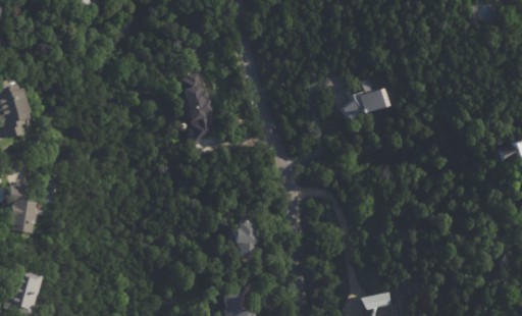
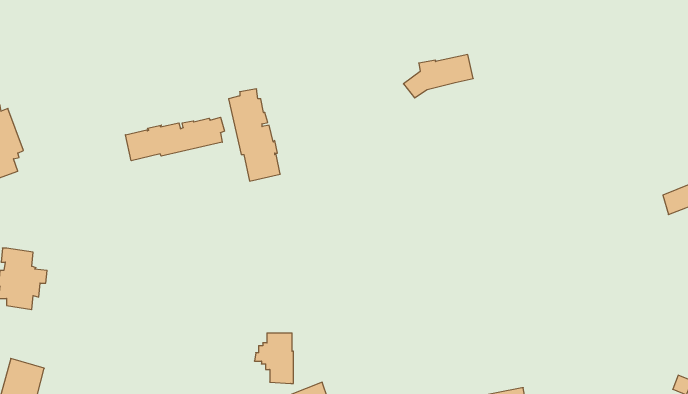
building: [342,87,393,118] -> [403,55,473,98]
building: none -> [125,117,225,161]
building: [229,220,258,257] -> [254,333,293,383]

